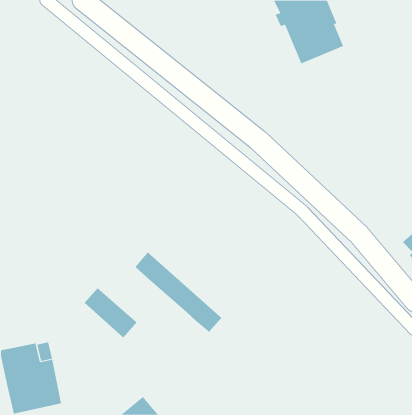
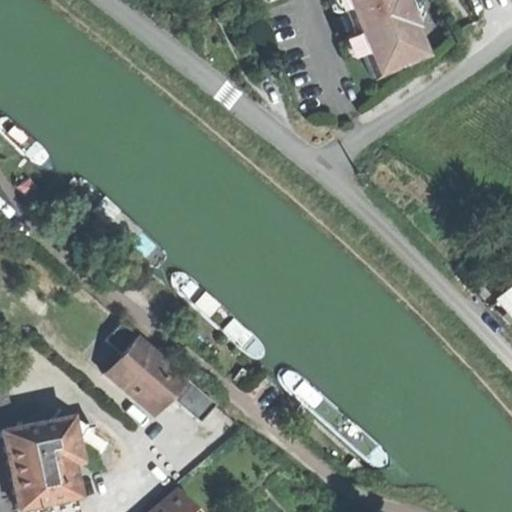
building: [134,251,222,333] -> [110,322,218,422]
building: none -> [49,410,96,462]

